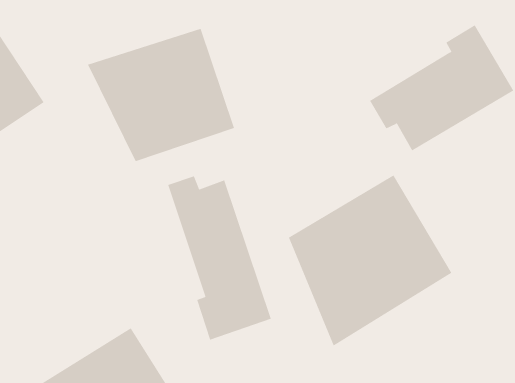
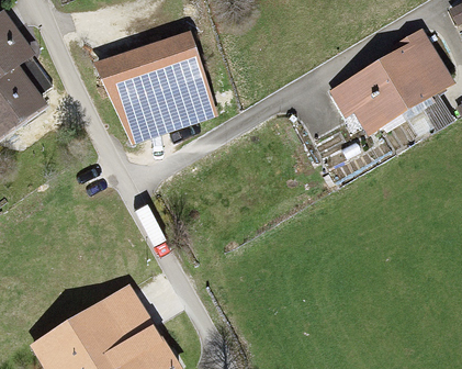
building: [288,174,452,346] -> none
building: [167,175,272,341] -> none

